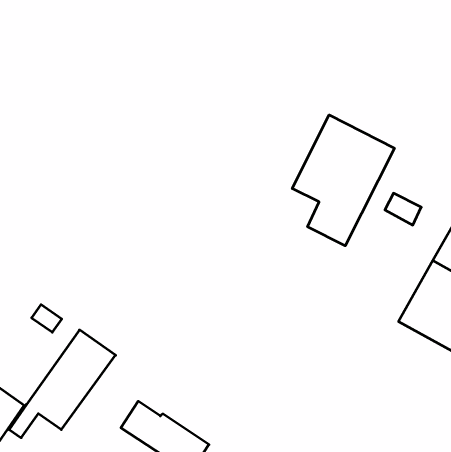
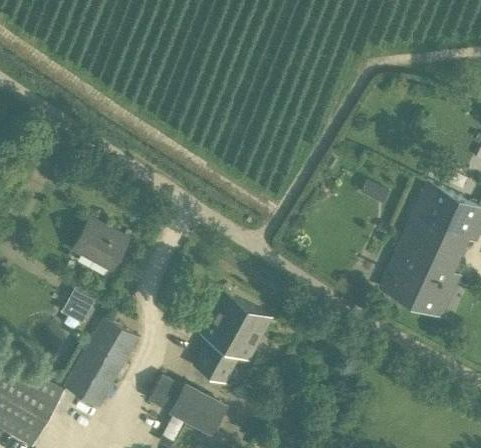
building: [292,115,394,246] -> none
building: none -> [74,220,129,271]
building: none -> [194,294,271,384]

